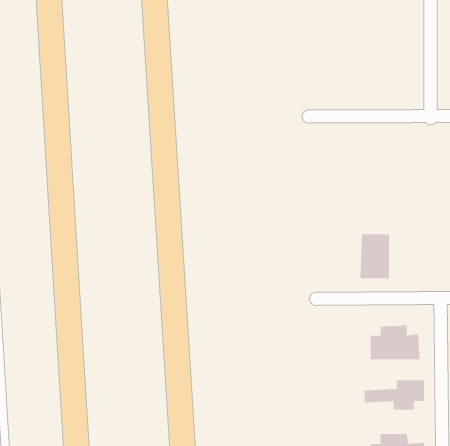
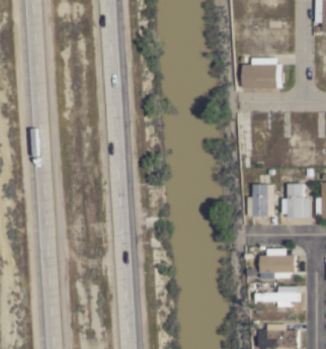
building: none -> [242,68,280,86]
building: none -> [287,183,308,217]

